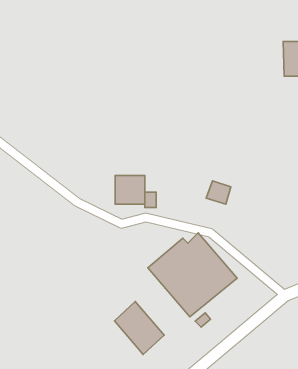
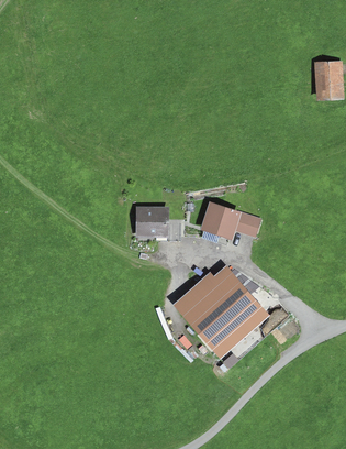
building: none -> [199,200,241,240]
building: [114,301,164,355] -> none

